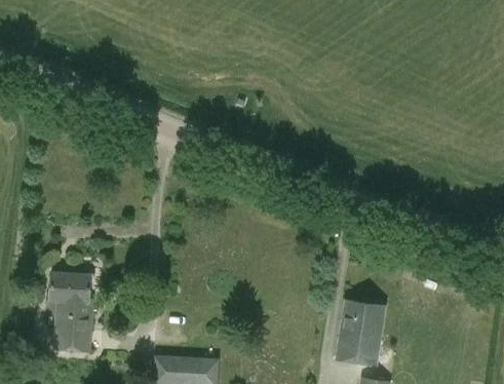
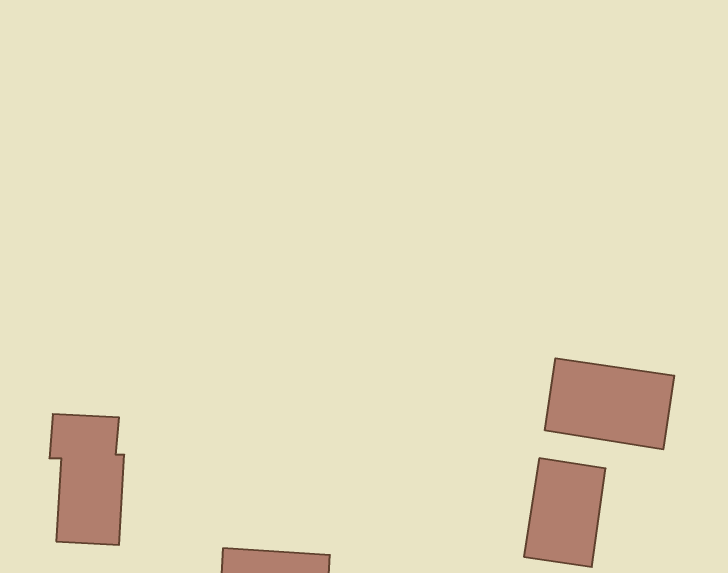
building: none -> [545,358,674,449]

